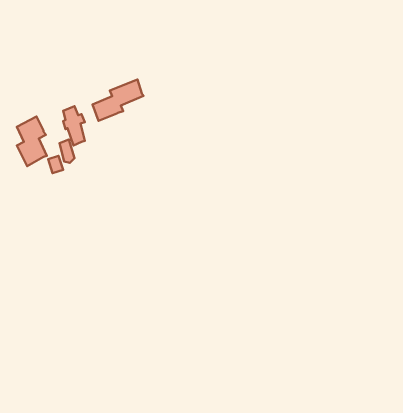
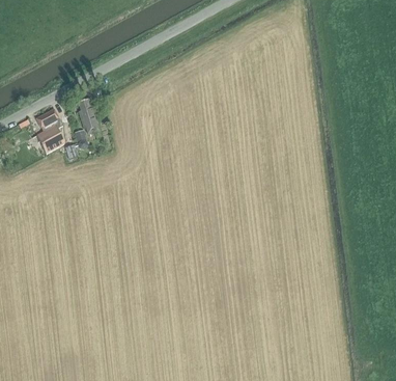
building: [92,79,143,121] -> none

